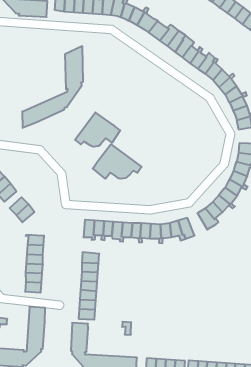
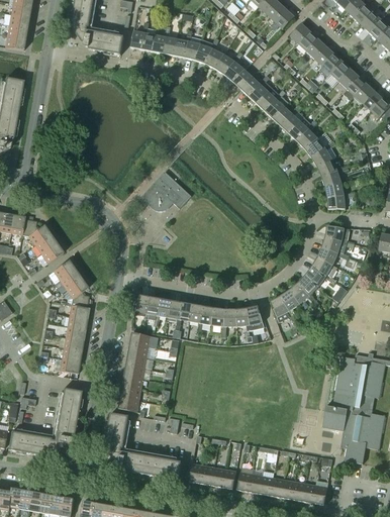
building: [22,46,83,128] -> none
building: [93,144,142,179] -> none
building: none -> [66,279,89,307]

